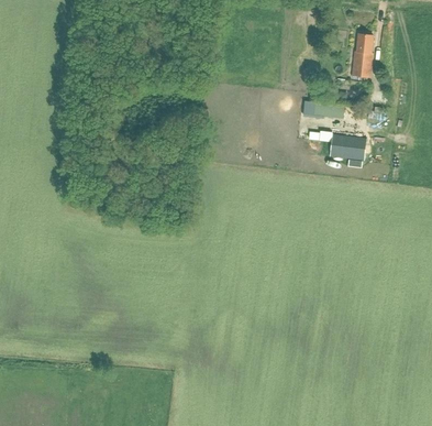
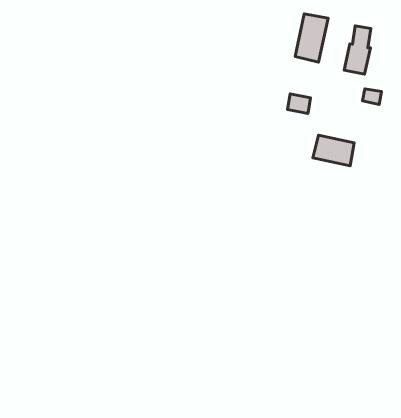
building: none -> [295,14,328,62]

